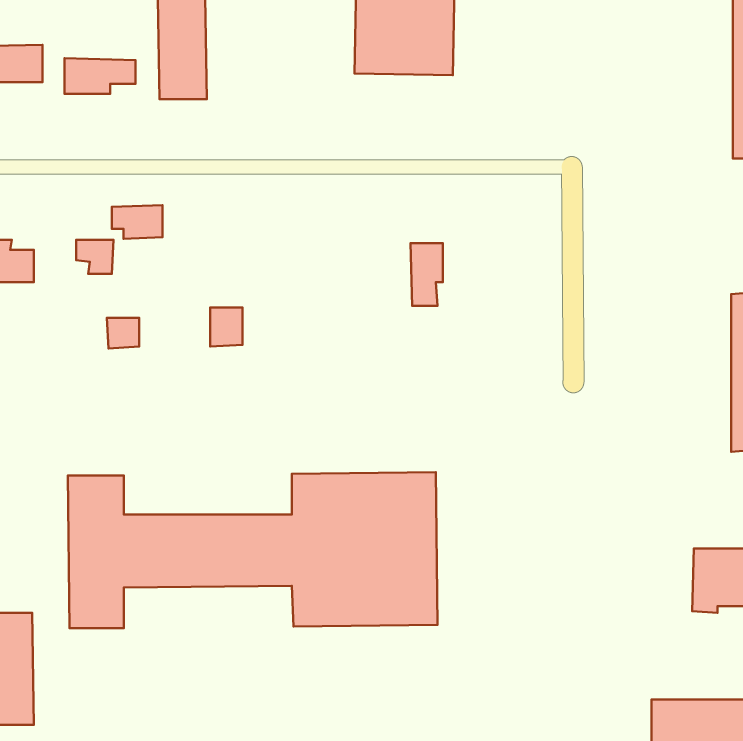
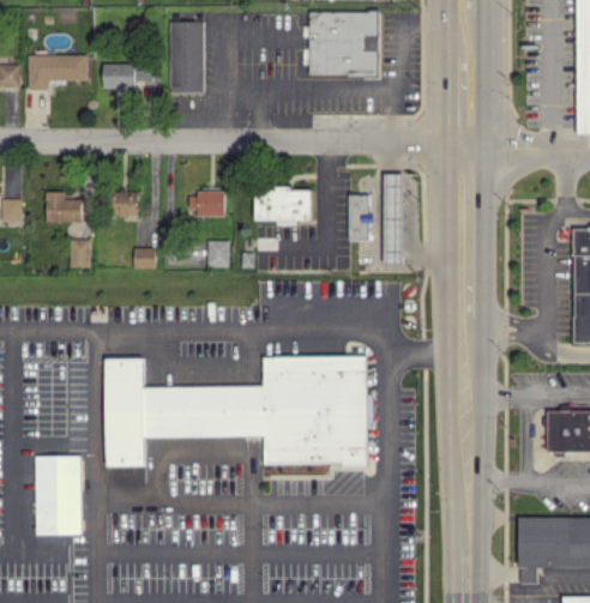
building: [112,205,163,239] -> [188,192,224,216]
building: none -> [384,173,403,265]
building: none -> [255,188,313,225]
building: none -> [70,239,90,266]

